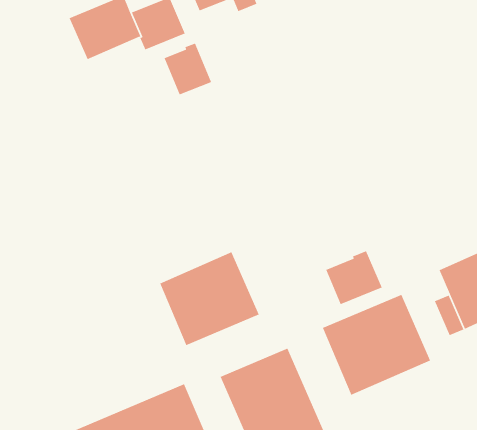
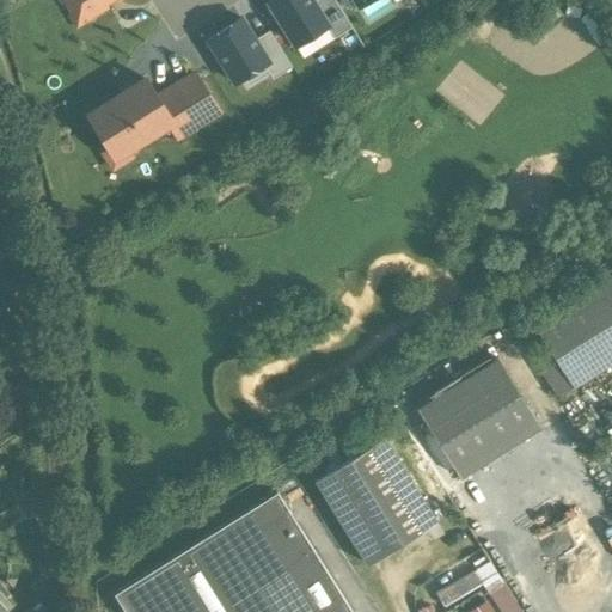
building: [164,43,212,95] -> none
building: [325,250,383,305] -> none
building: [159,251,260,346] -> none

